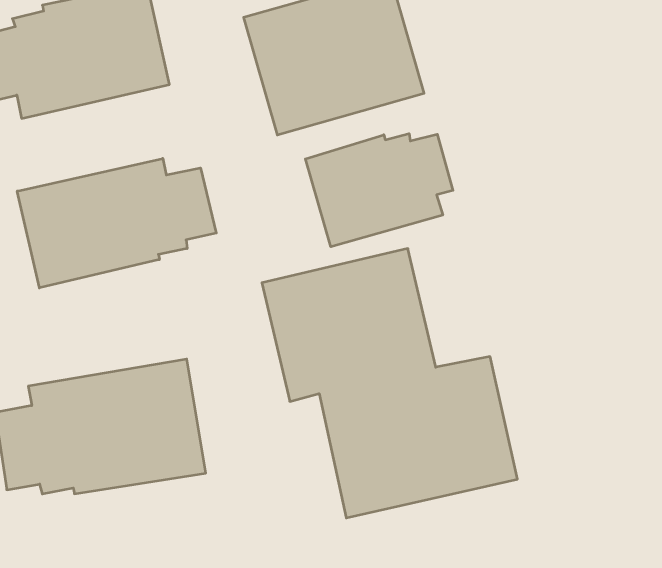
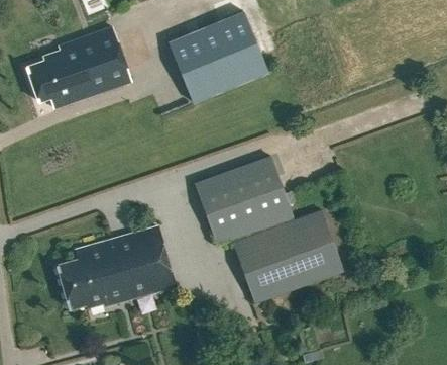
building: [305,134,453,247] -> none
building: [17,158,216,288] -> none

